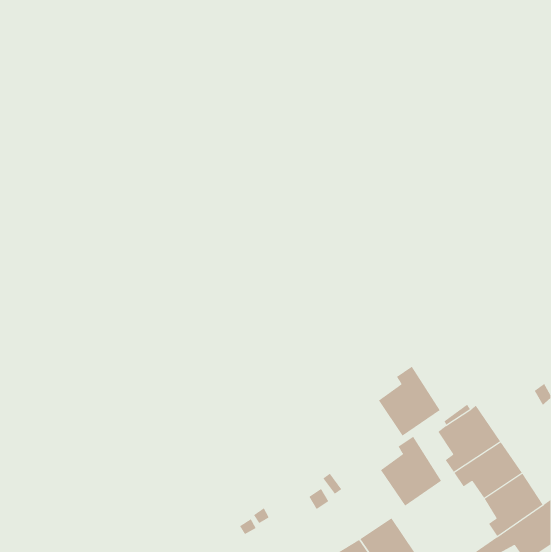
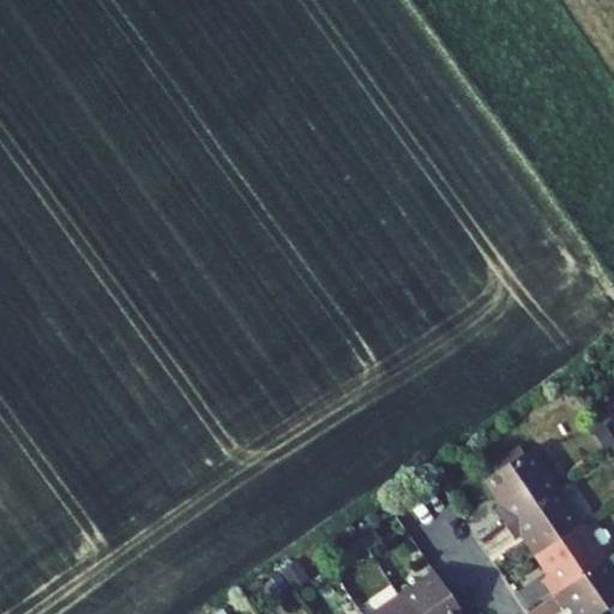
building: [378,366,440,436] -> none
building: [380,436,442,506] -> none

